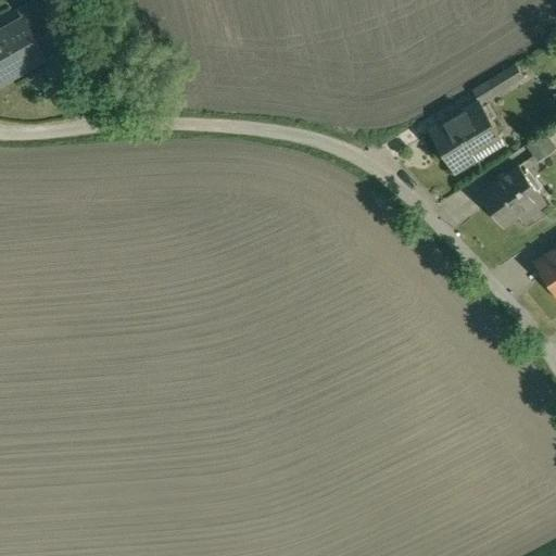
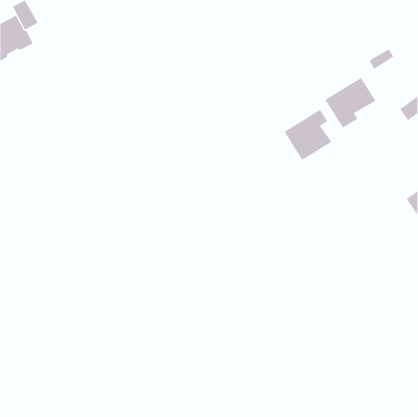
building: none -> [284,109,332,161]
building: [481,168,545,228] -> none

